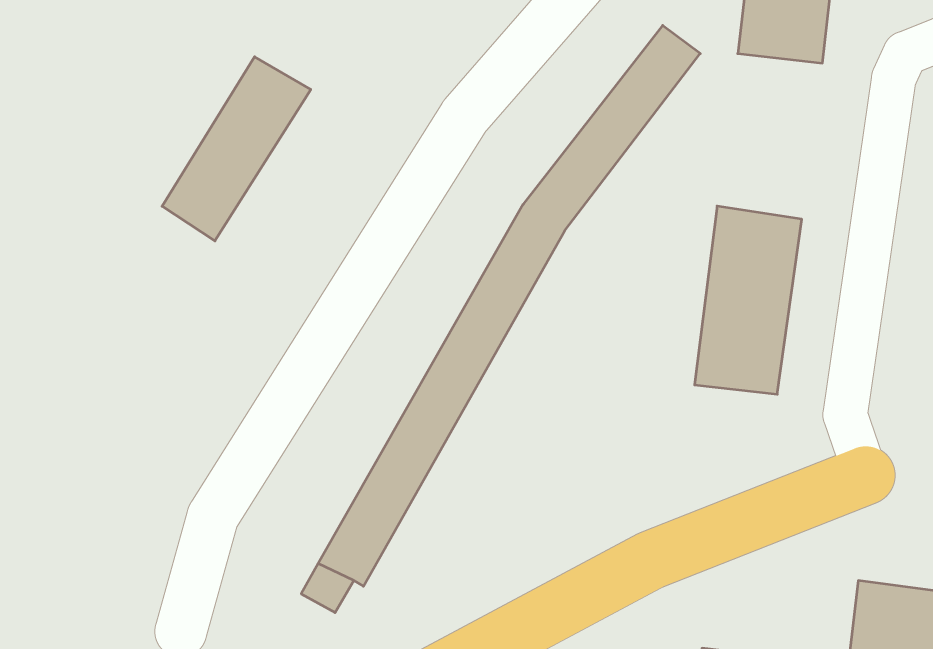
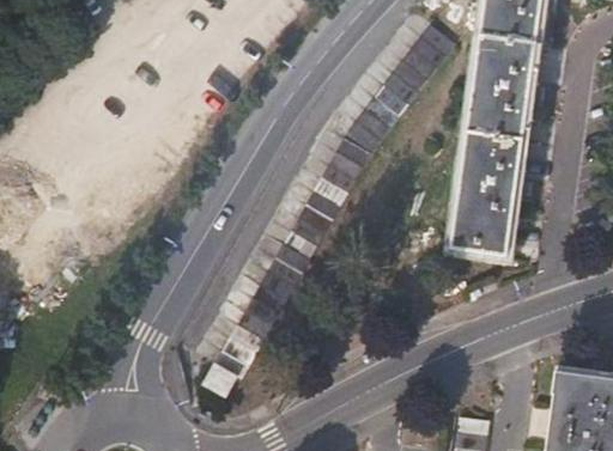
building: none -> [468,38,535,144]
building: [162,57,311,241] -> none

